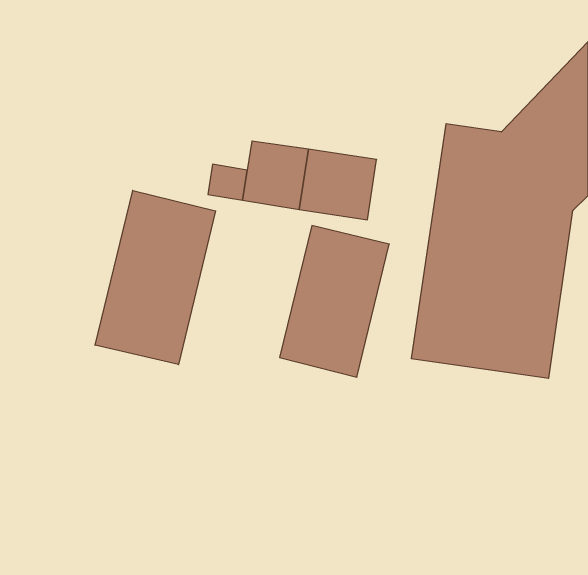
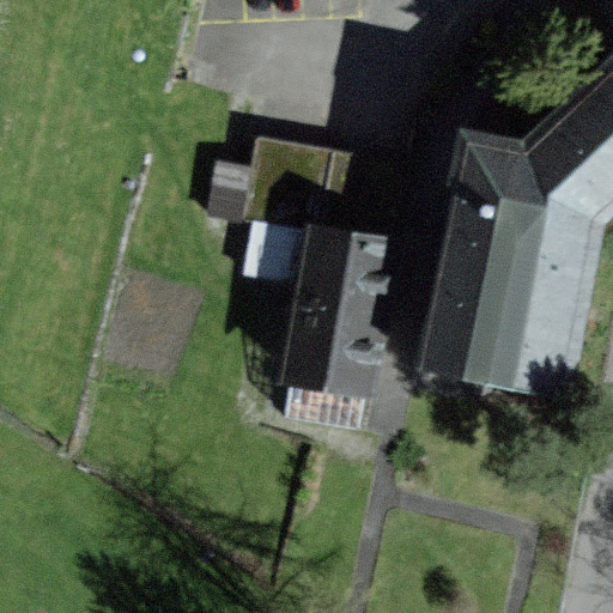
building: [95,190,216,365] -> none

